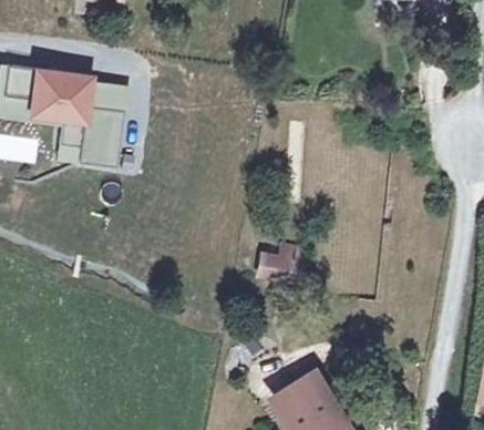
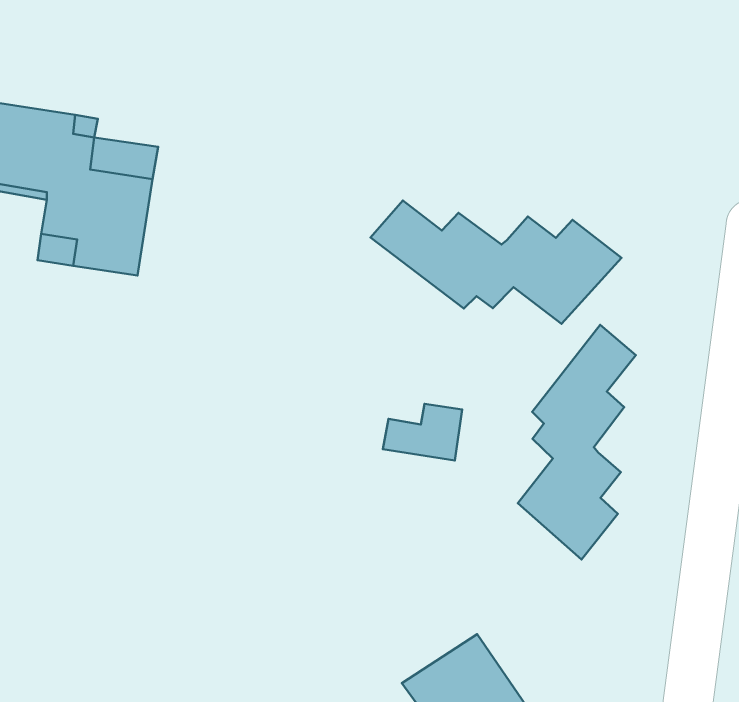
building: none -> [371,200,622,324]
building: none -> [518,325,636,560]

